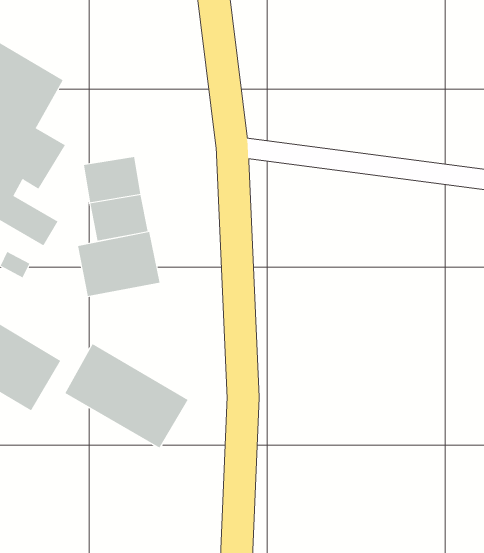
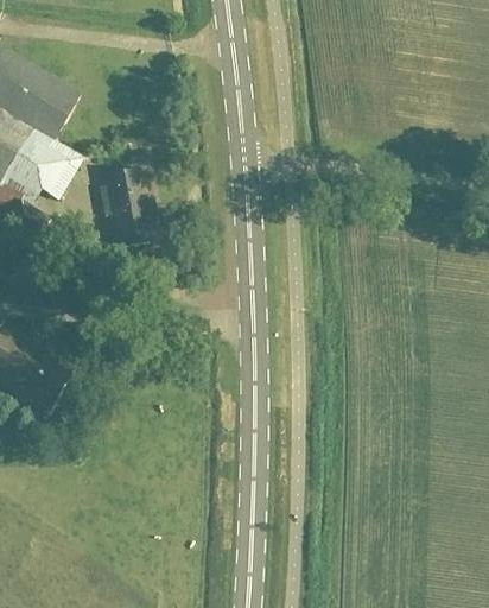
building: [78,231,160,297] -> none
building: [64,343,189,449] -> none

